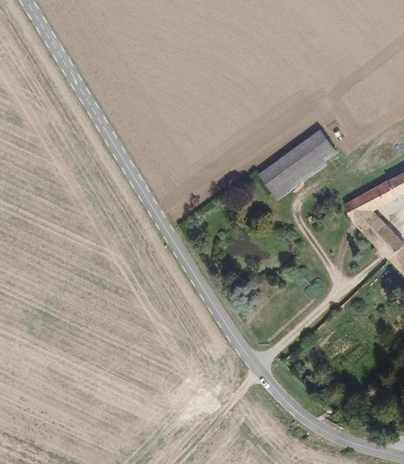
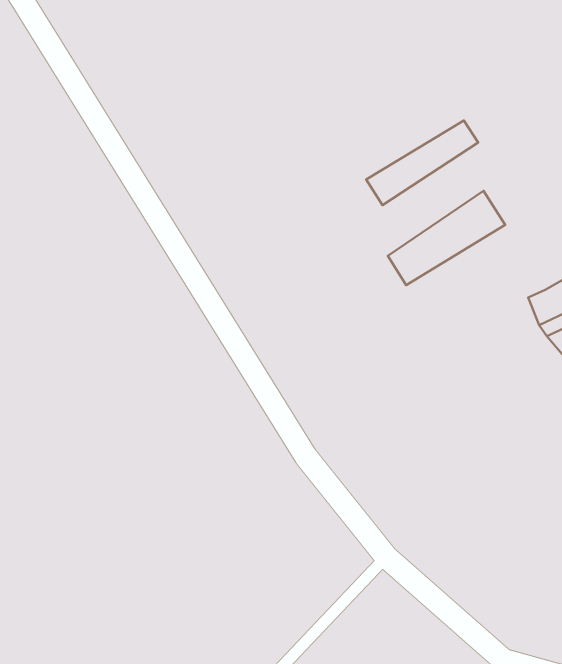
building: none -> [366,120,478,205]

